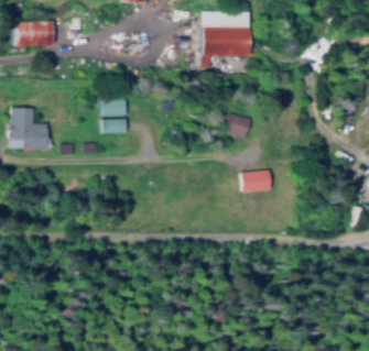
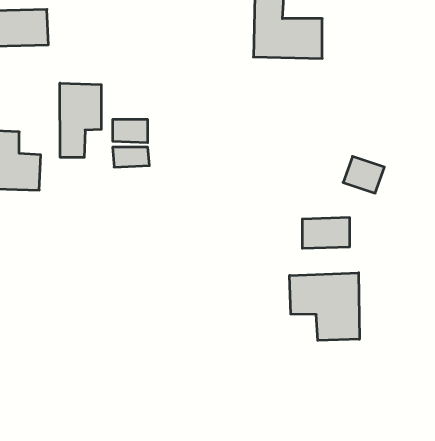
building: none -> [60,83,101,157]
building: [223,113,252,140] -> [343,156,384,193]
building: none -> [290,273,359,340]

